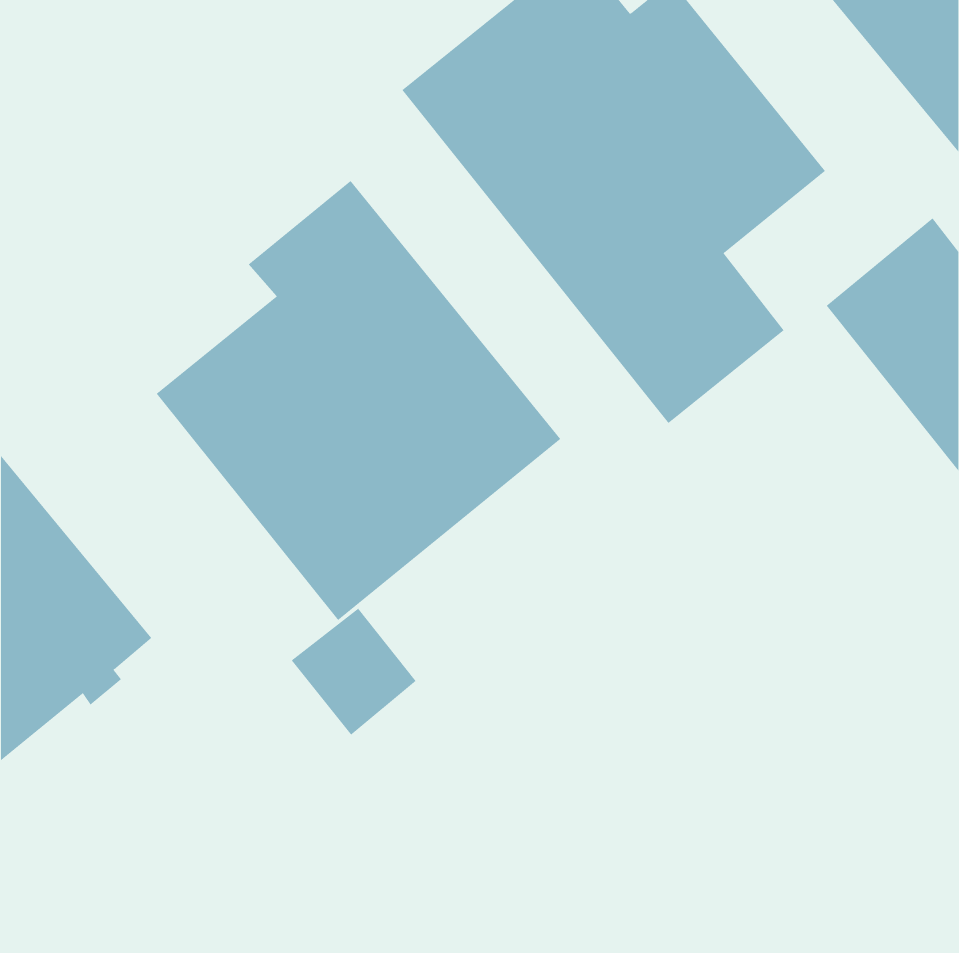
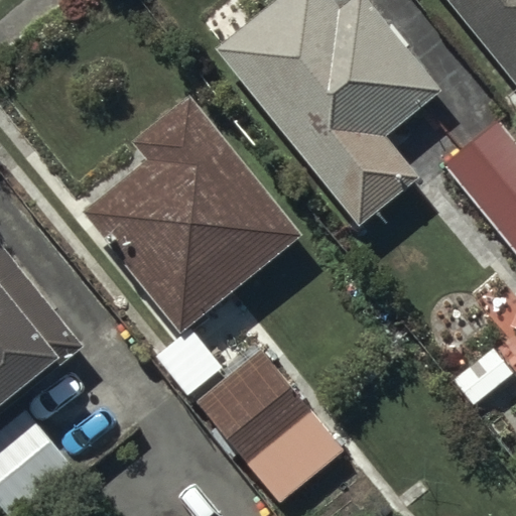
building: none -> [196,345,347,502]

